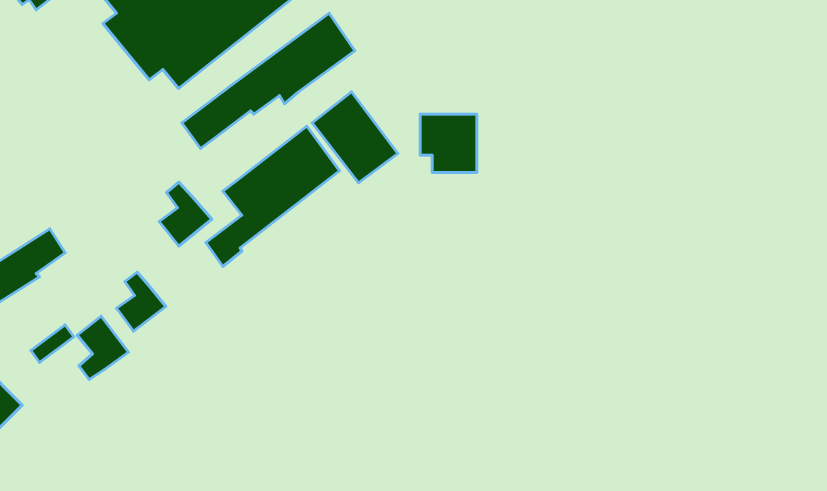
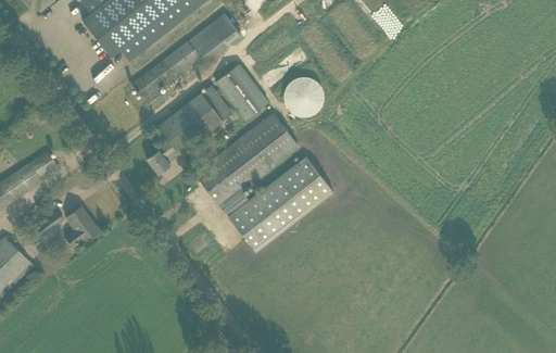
building: none -> [194,113,332,251]
building: [159,182,212,246] -> none
building: [117,272,166,331] -> none

